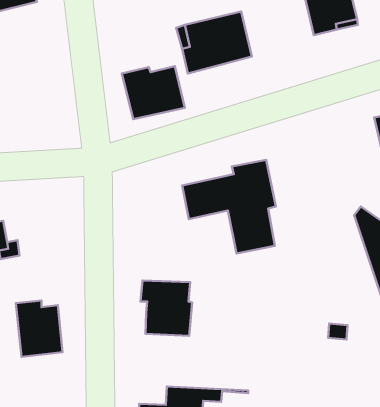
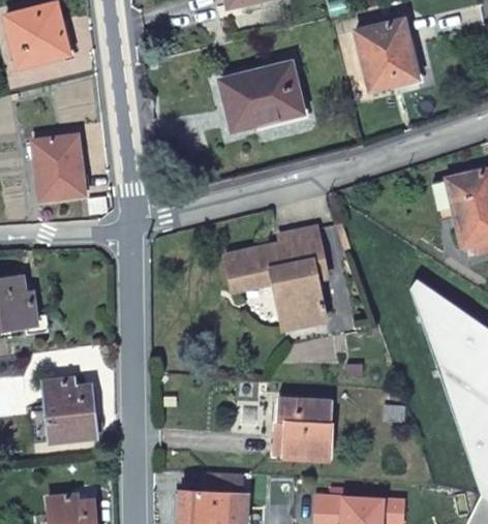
building: [122,66,185,119] -> none
building: none -> [33,138,84,201]
building: [141,280,192,336] -> [277,397,333,457]

